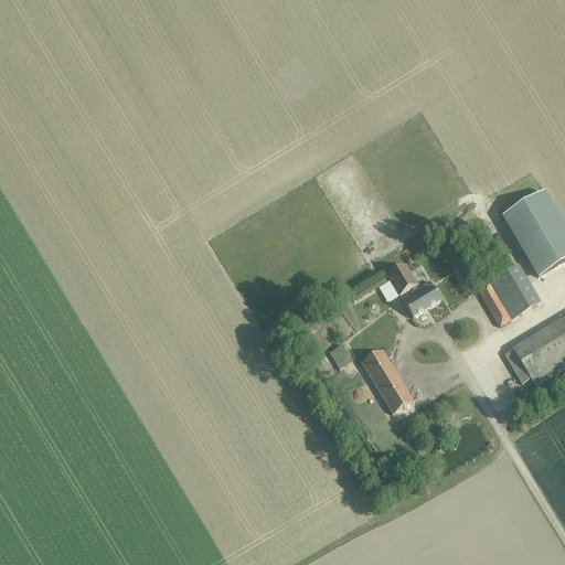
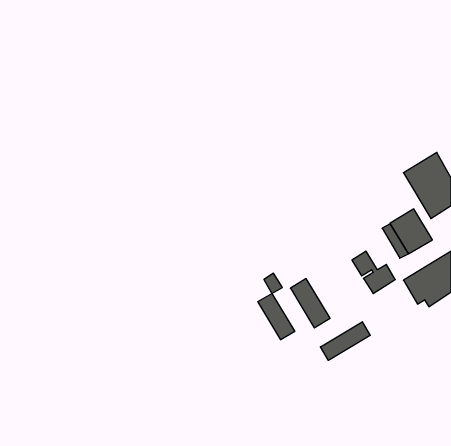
building: [387,262,441,315] -> [352,251,395,294]
building: none -> [258,294,295,340]
building: none -> [320,322,370,360]

